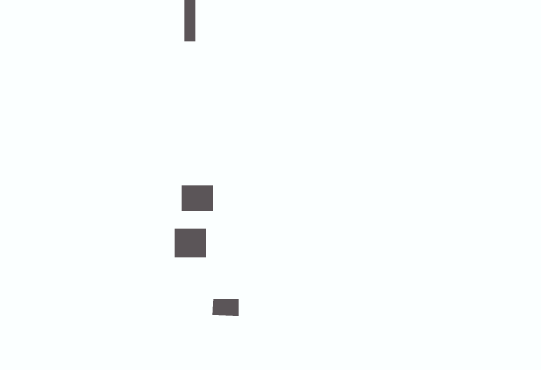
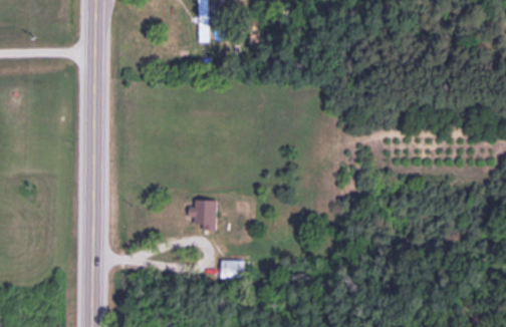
building: [181,185,214,212] -> none

